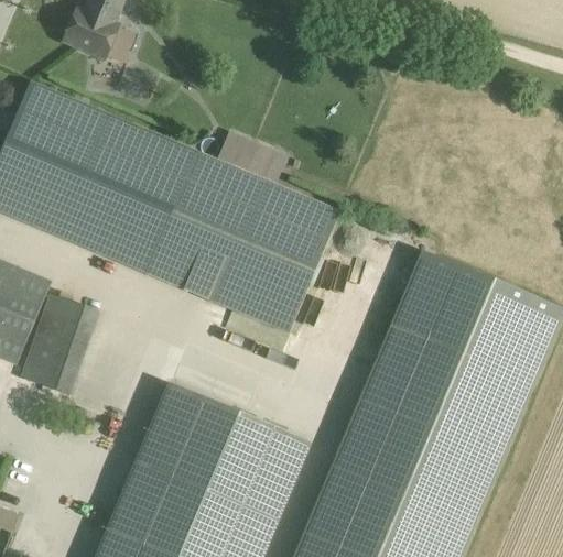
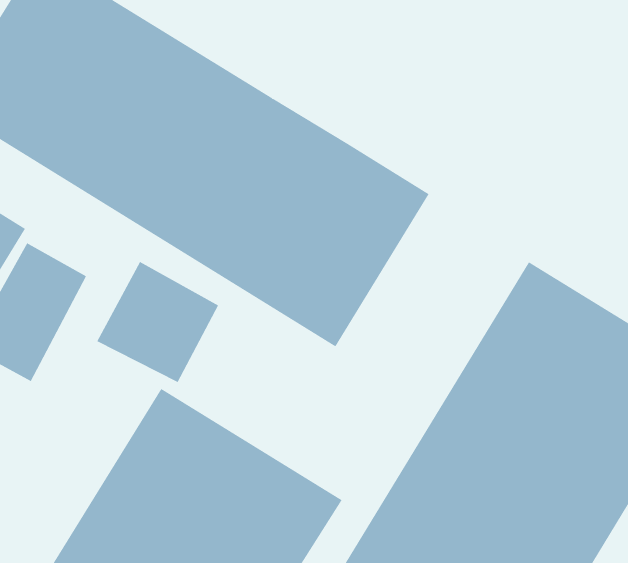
building: none -> [96,261,219,383]

